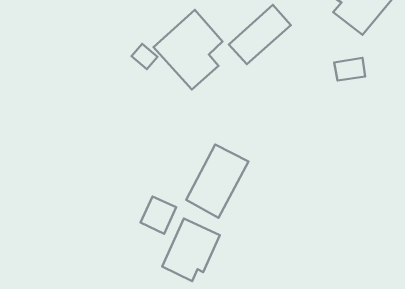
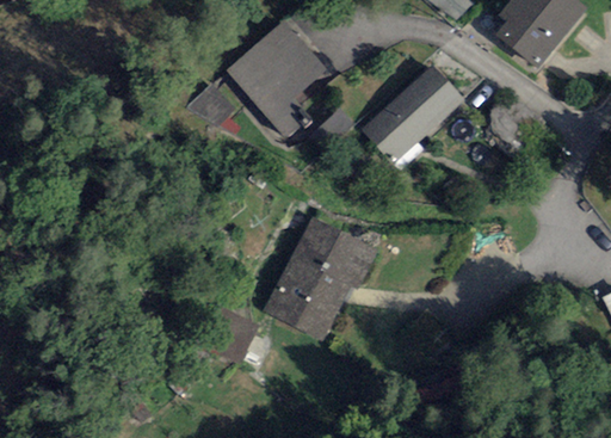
building: [229,5,291,64] -> [370,72,461,159]
building: [162,218,220,281] -> none

